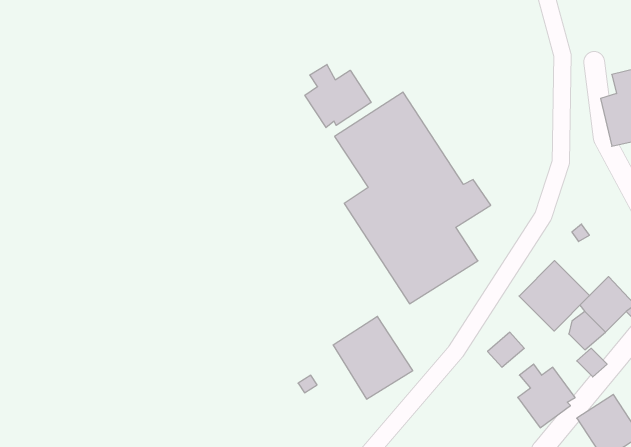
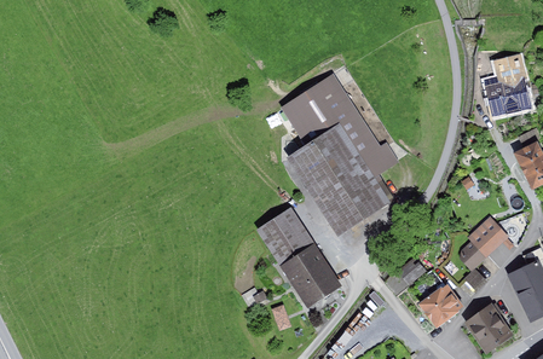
building: [305,64,371,128] -> none
building: [519,261,590,331] -> none
building: none -> [256,208,314,266]

